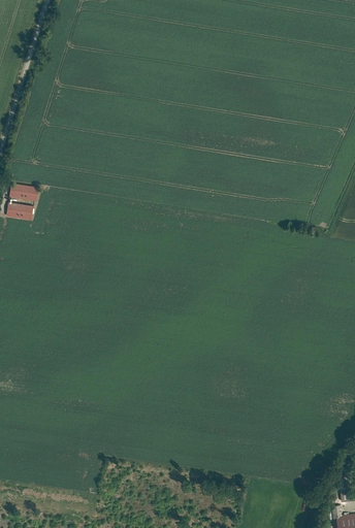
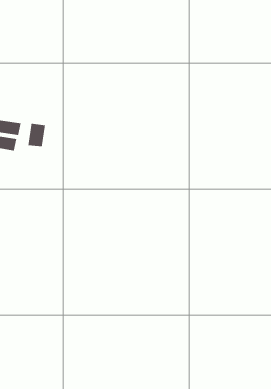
building: none -> [28,123,45,147]

